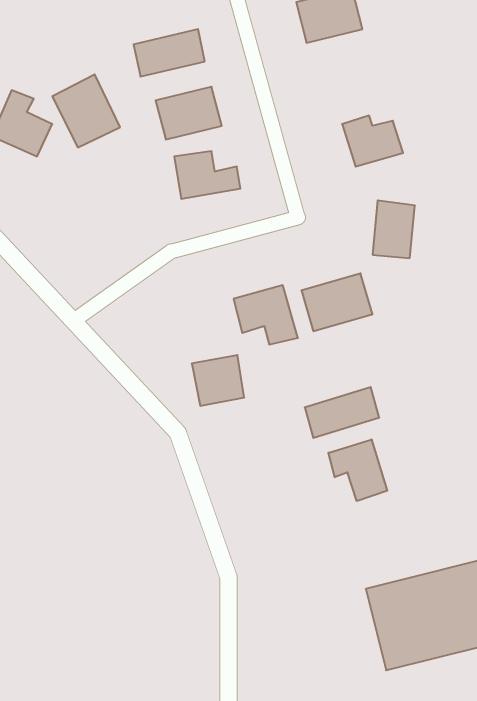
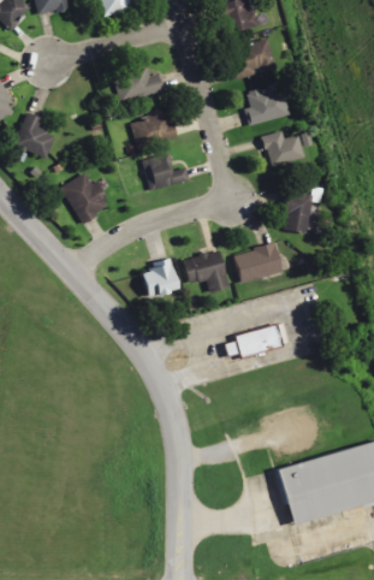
building: none -> [244,85,290,124]
building: [52,74,120,147] -> [61,171,109,223]
building: [192,355,244,406] -> [142,260,179,296]
building: [328,439,387,501] -> none

